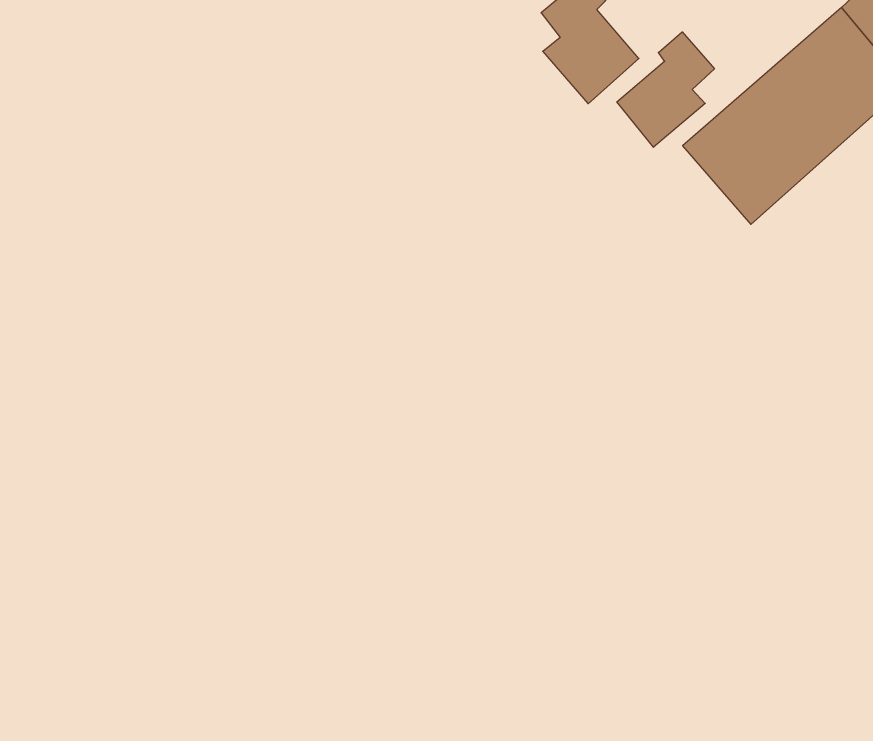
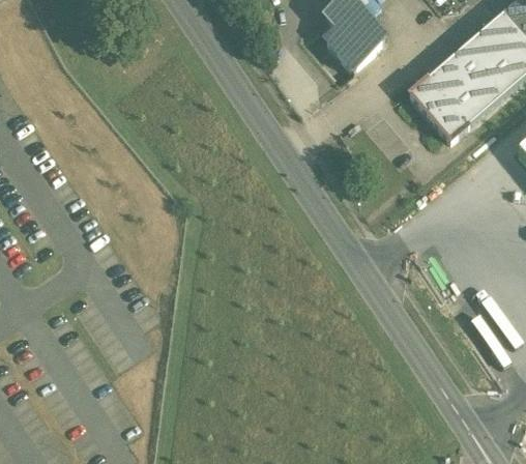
building: [617,32,714,147] -> none

